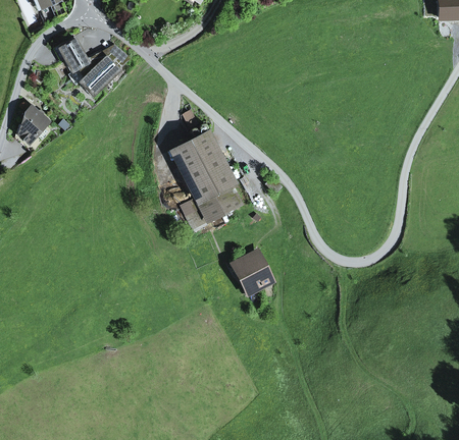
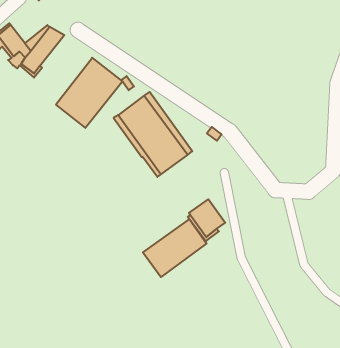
building: none -> [56,58,123,128]
building: [180,197,207,228] -> none
building: none -> [143,219,207,277]

